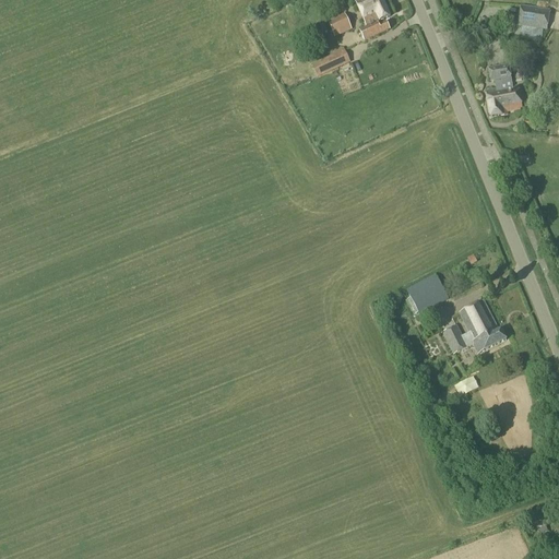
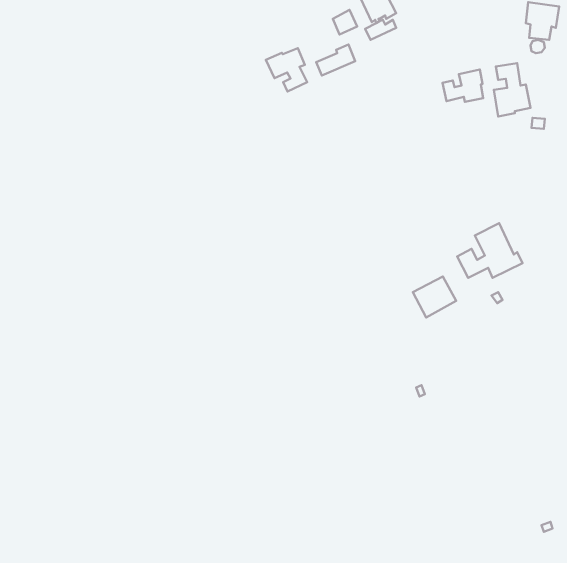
building: none -> [266,48,307,91]
building: none -> [442,69,483,102]
building: [442,298,507,352] -> [457,223,523,278]

